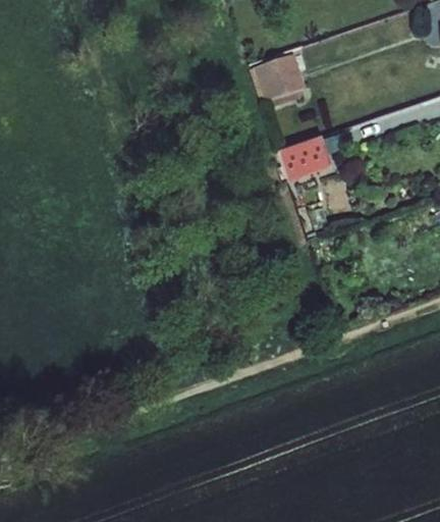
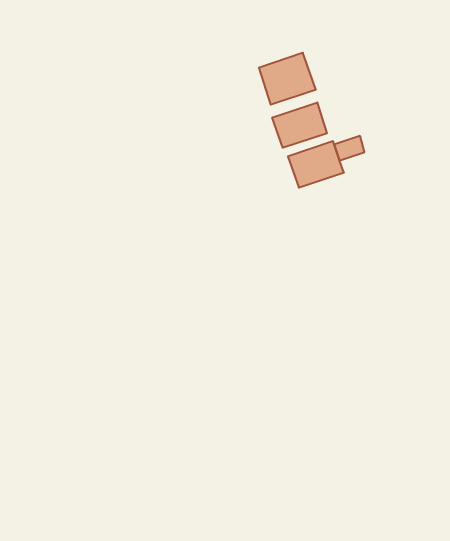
building: none -> [272,102,327,148]

